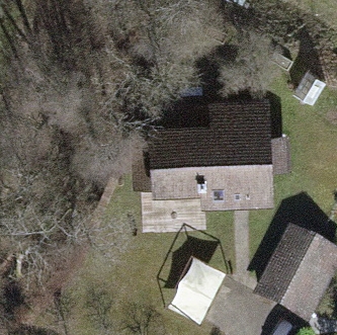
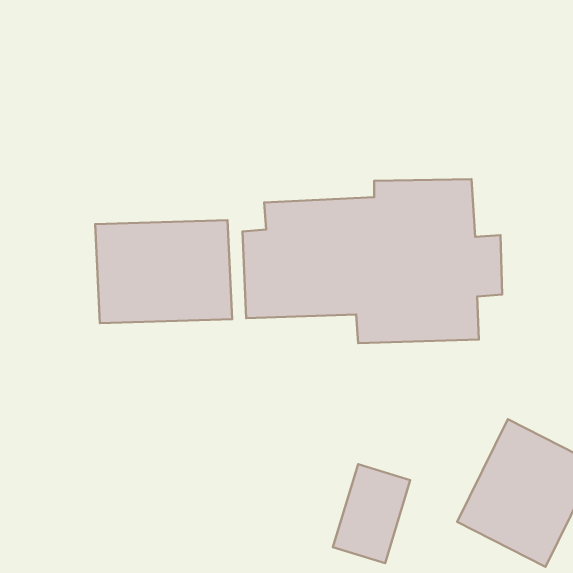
building: none -> [95,220,232,323]

